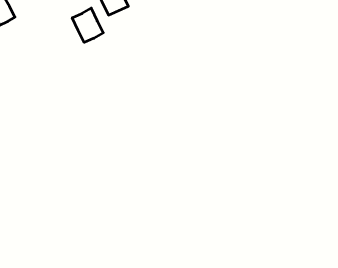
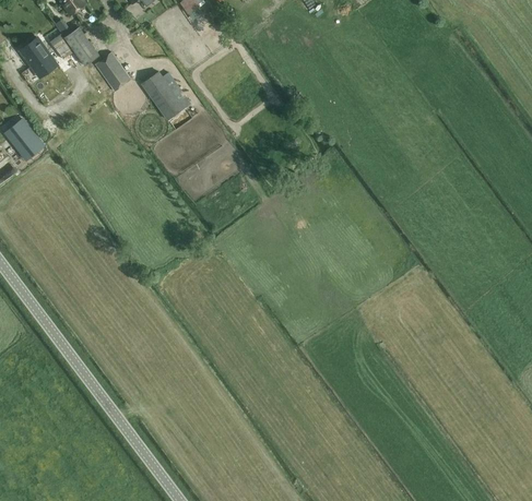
building: [72,8,103,42] -> none

